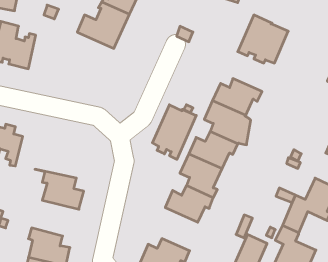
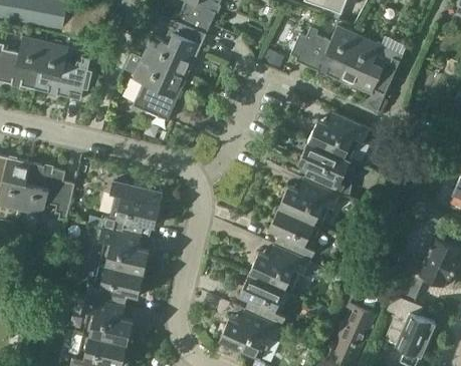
building: none -> [295,25,359,79]
building: none -> [130,55,186,119]
building: [152,105,196,159] -> none
building: none -> [88,181,162,235]
building: none -> [84,262,143,306]
building: none -> [238,271,289,324]

